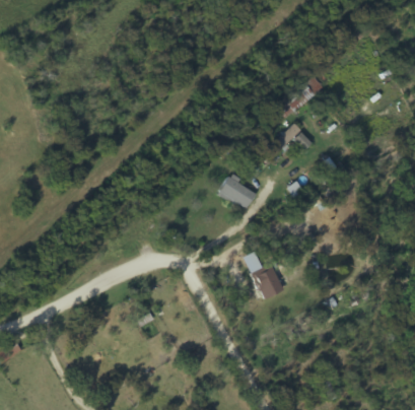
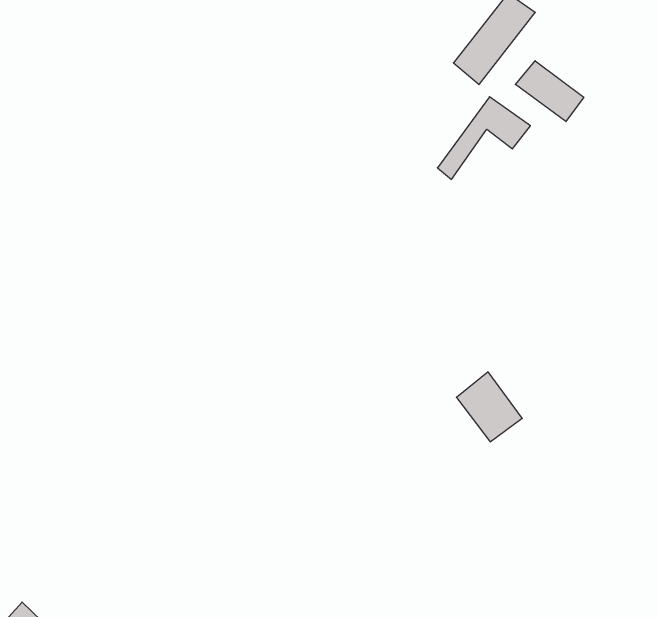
building: none -> [515,61,584,122]
building: [219,176,257,210] -> none

